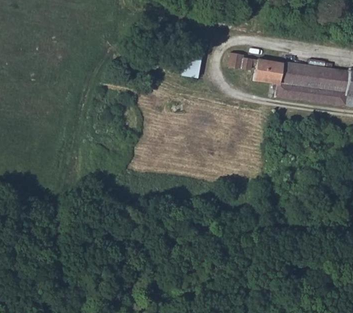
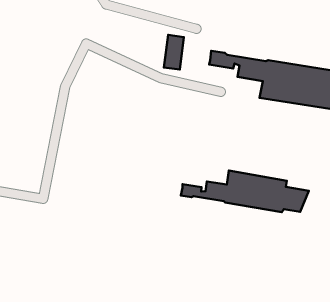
building: none -> [181,171,309,212]

